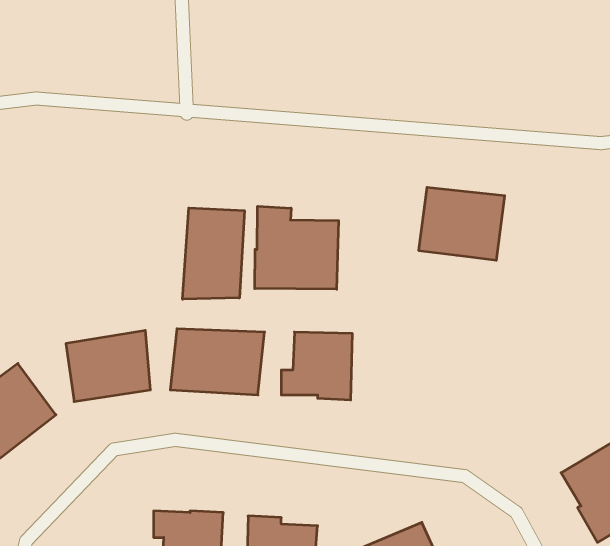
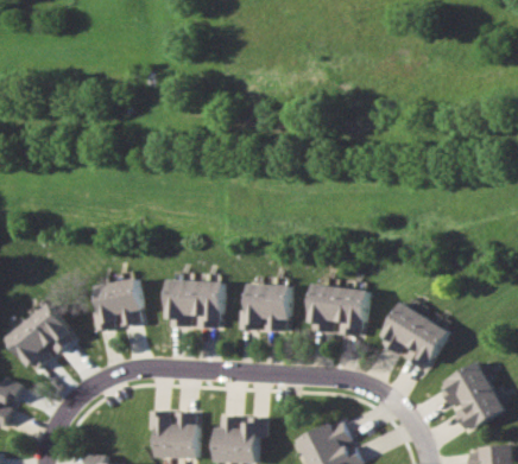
building: [419,187,505,260] -> [308,282,369,335]
building: [255,206,339,289] -> none
building: [183,208,244,299] -> none
building: none -> [378,300,450,369]

